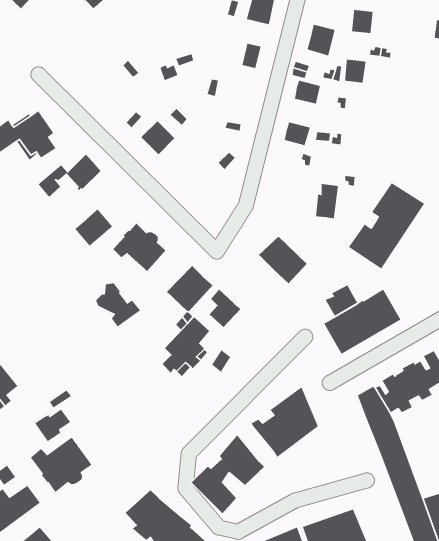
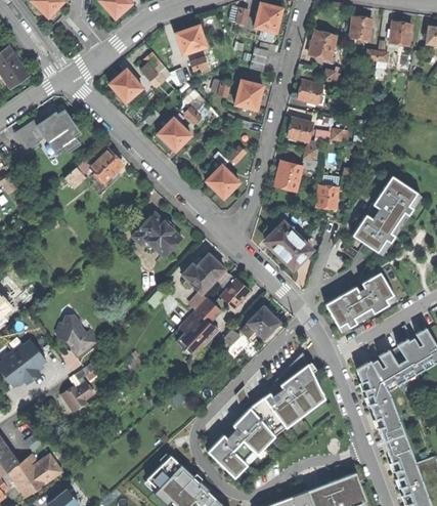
building: none -> [176,26,207,54]
building: [344,59,366,83] -> [391,23,411,45]
building: none -> [111,70,142,102]
building: none -> [235,81,263,110]
building: none -> [276,162,303,191]
building: none -> [207,166,239,199]
building: [74,209,113,247] -> none
building: [95,283,141,327] -> [57,315,99,356]
building: [325,284,358,317] -> none
building: none -> [248,305,279,338]
building: none -> [249,398,279,430]
building: [30,436,93,493] -> none

